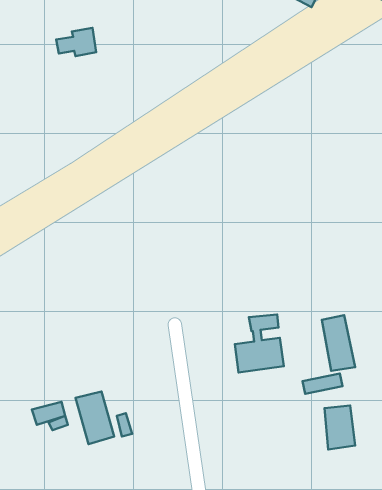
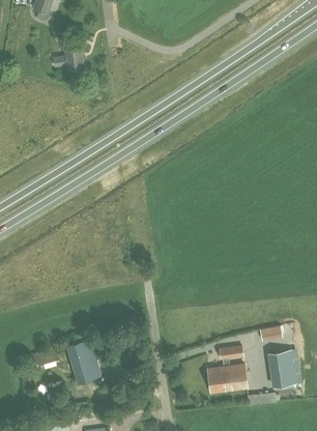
building: [235,314,284,372] -> [207,345,247,392]
building: [322,315,355,371] -> none

